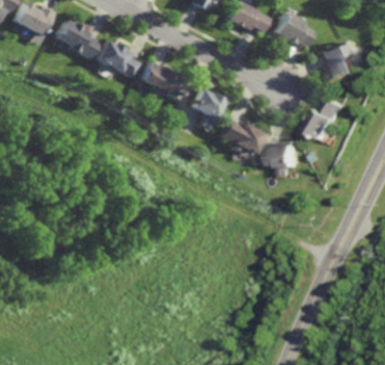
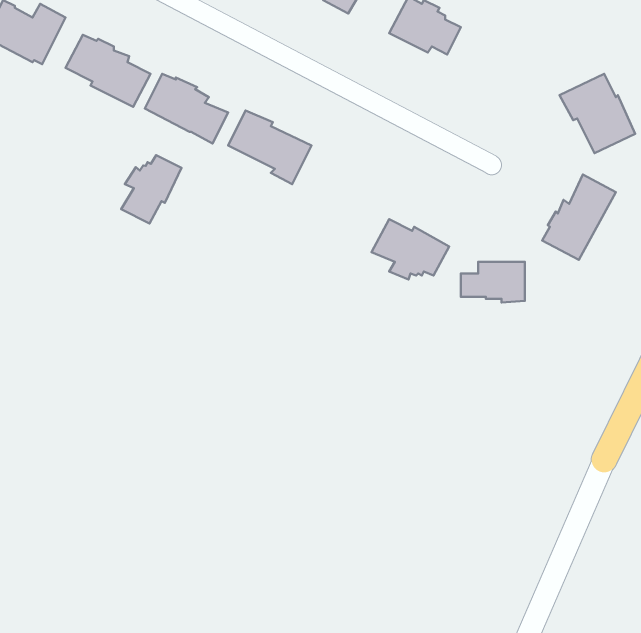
building: [273,12,314,47] -> none
building: none -> [121,155,182,223]
building: [192,89,225,130] -> none

